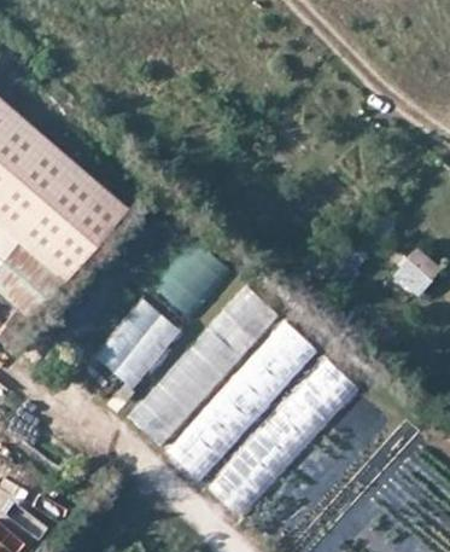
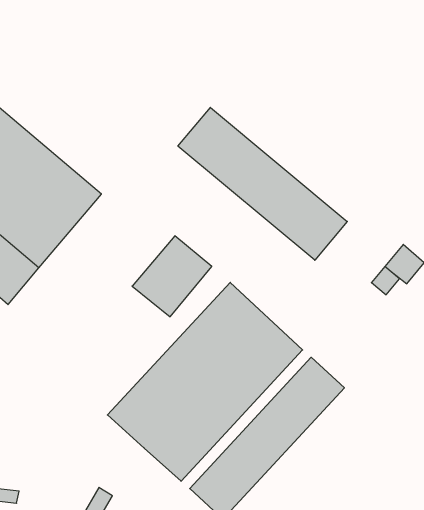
building: none -> [178,107,347,260]
building: [88,297,177,389] -> none

